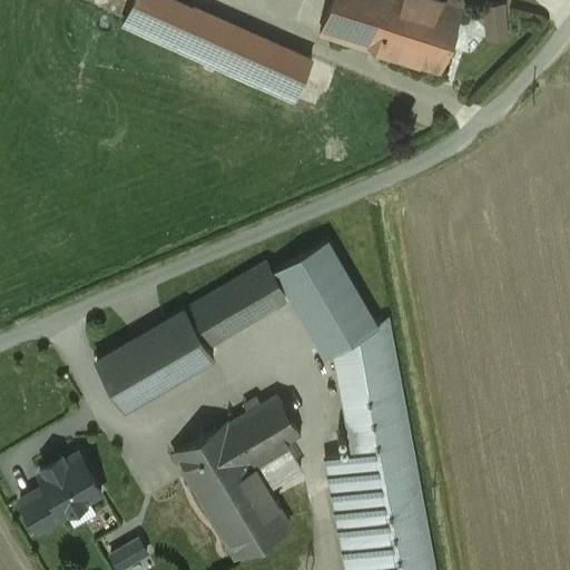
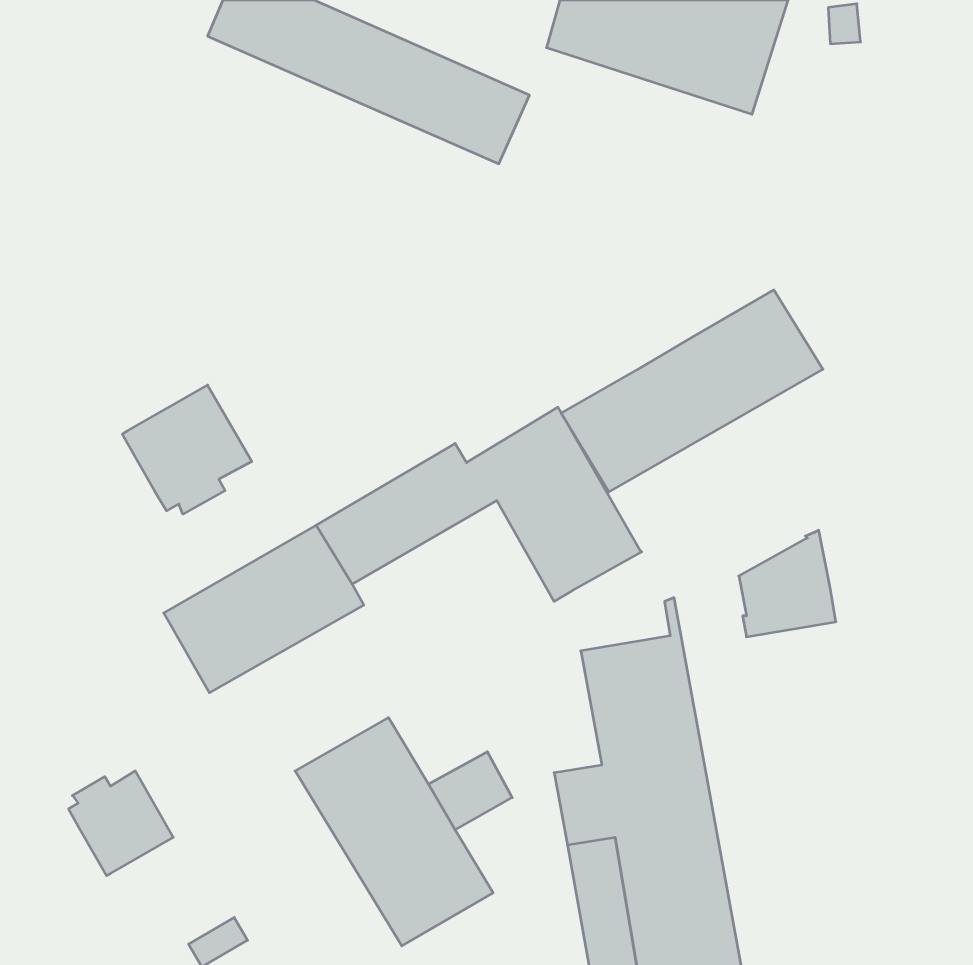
building: none -> [561,290,823,492]
building: none -> [122,385,252,514]
building: [335,323,392,385] -> [739,530,836,637]
building: [227,395,299,463] -> none
building: [20,488,66,533] -> none

